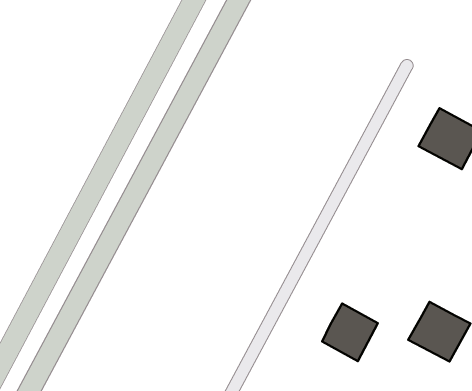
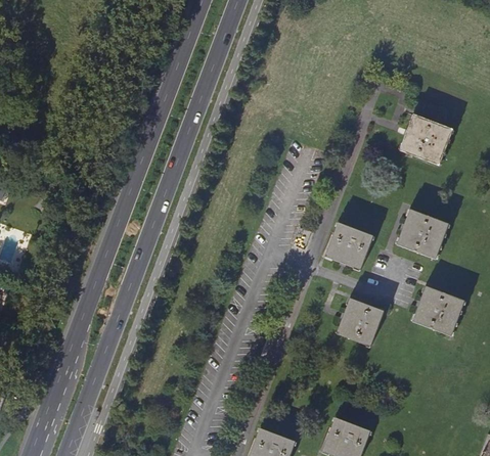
building: none -> [396,209,448,259]
building: none -> [324,222,372,269]

